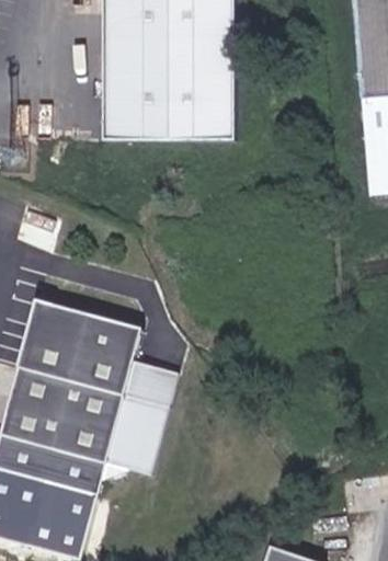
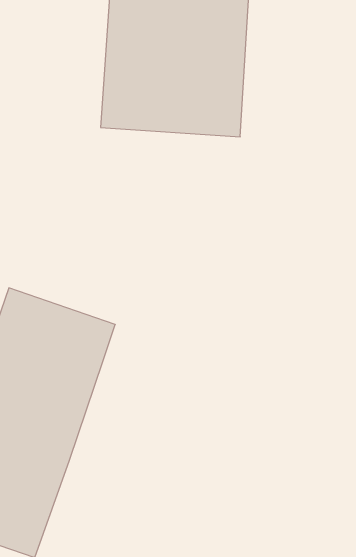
building: [105,363,175,472] -> none

